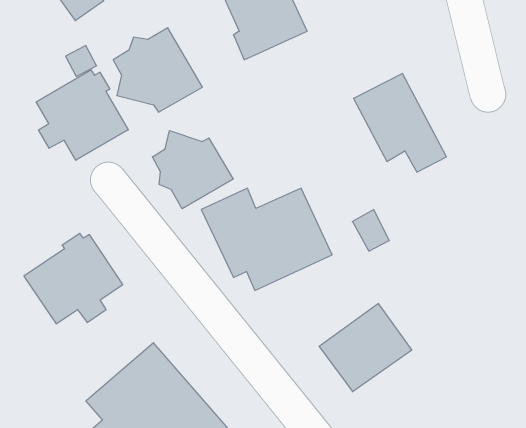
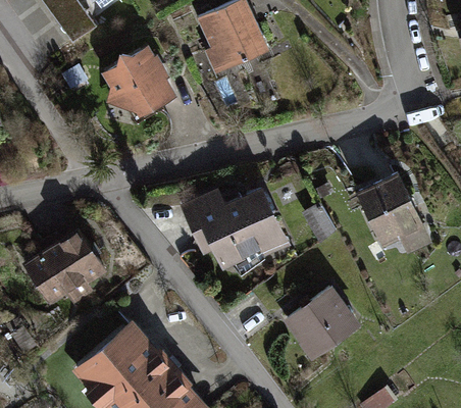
building: [36,70,128,160] -> none
building: [354,73,446,172] -> [354,169,433,254]
building: [152,131,233,209] -> none

